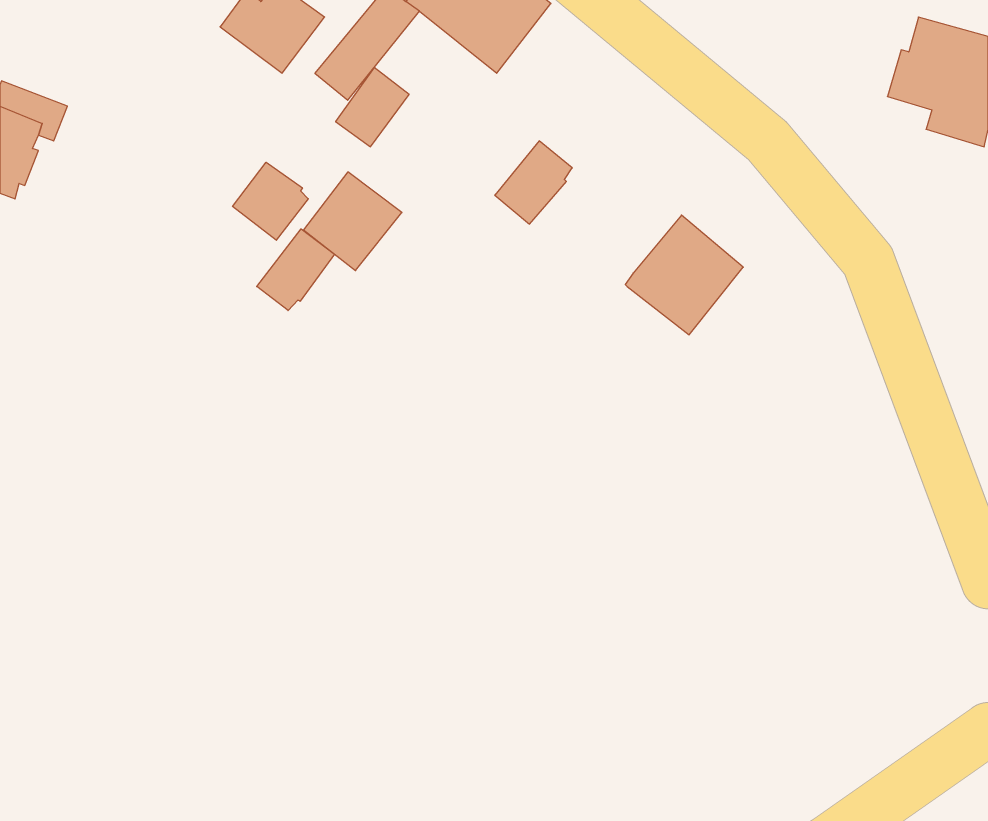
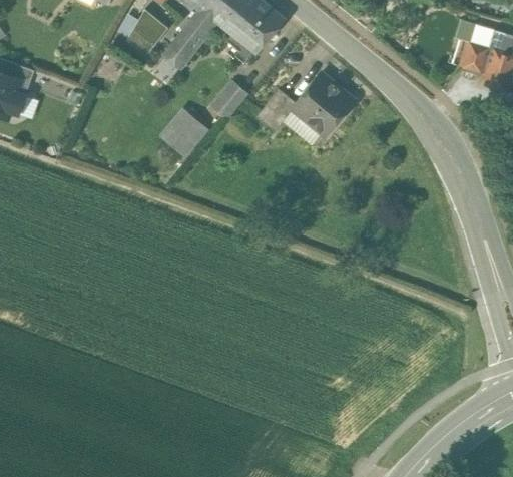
building: [336,67,409,147] -> [210,78,248,119]
building: [233,162,308,240] -> none
building: [625,215,743,335] -> [293,73,354,135]
building: [257,229,335,311] -> none

